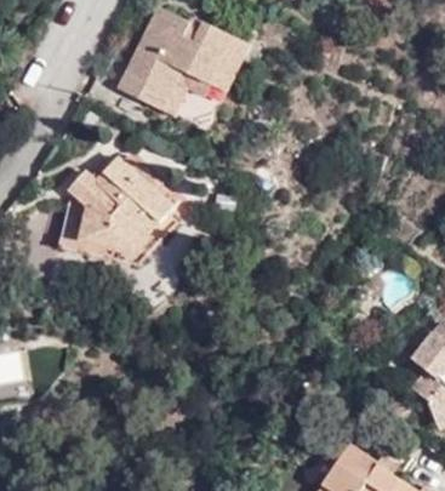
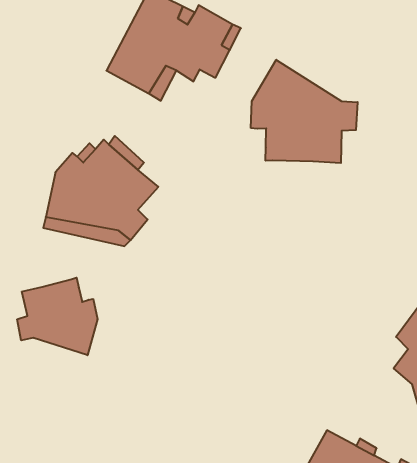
building: none -> [251,60,358,163]
building: none -> [17,278,97,355]

